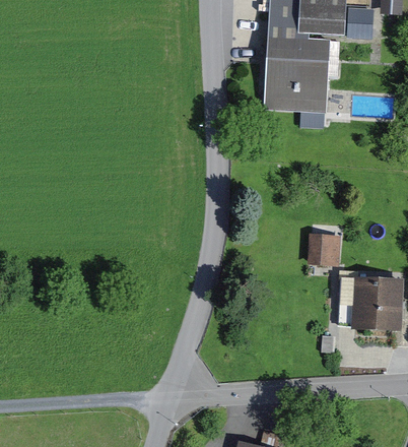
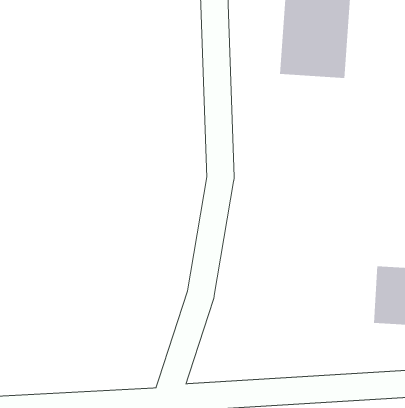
building: [307,236,337,268] -> none

